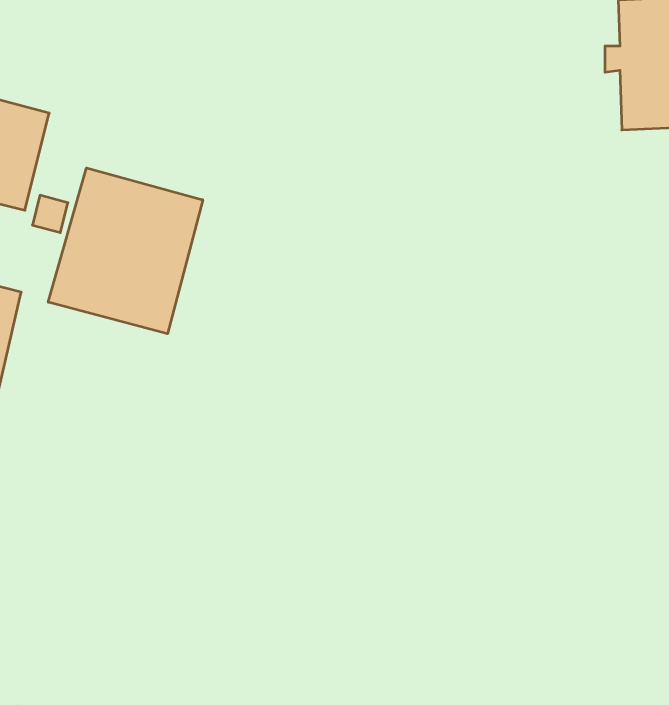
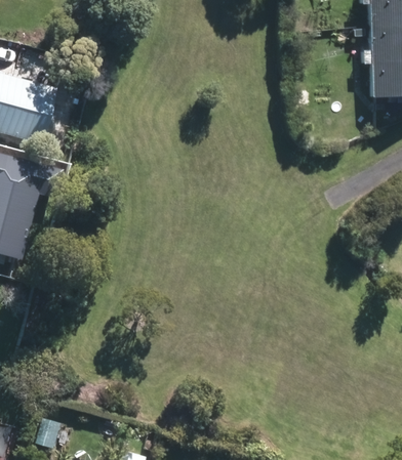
building: [48,168,203,334] -> none

